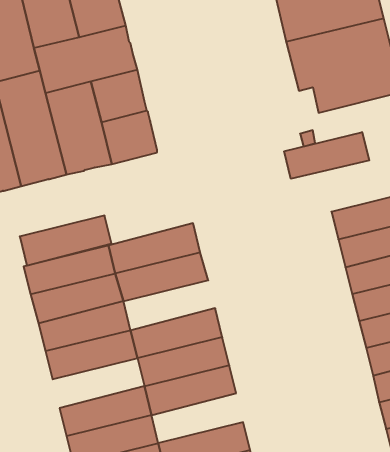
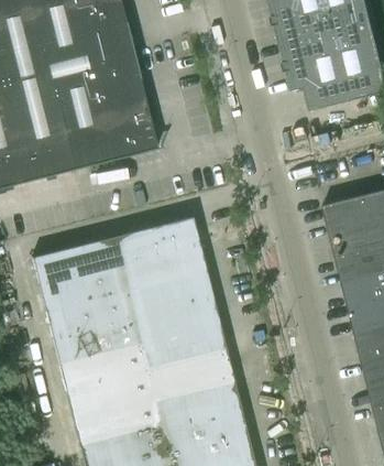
building: [284,132,369,179] -> none
building: [20,216,112,266] -> [125,270,212,317]
building: none -> [58,344,145,391]
building: none -> [152,377,239,424]

